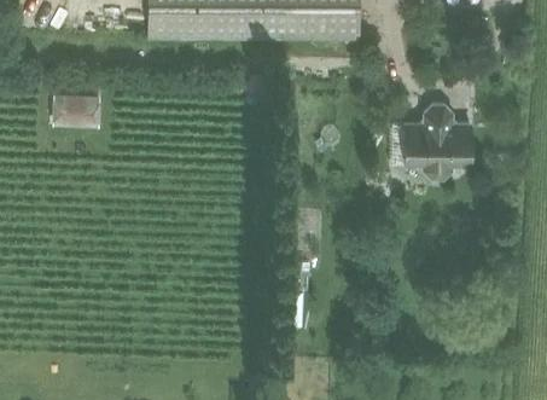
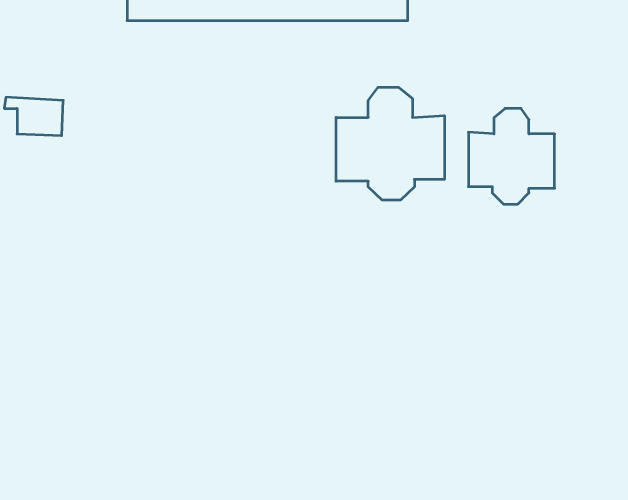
building: none -> [336,87,444,200]

